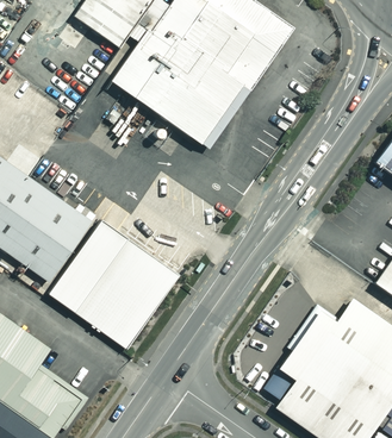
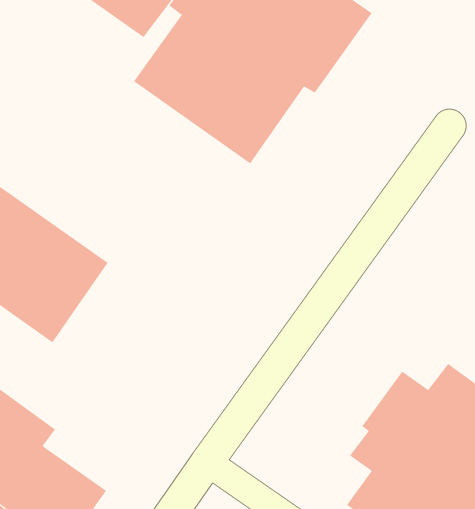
building: [48,220,180,350] -> none

